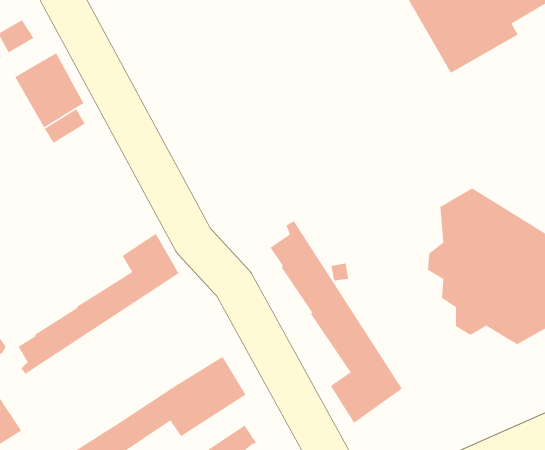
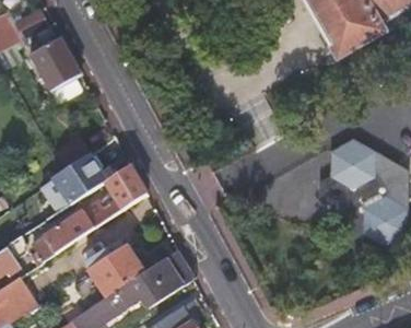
building: [270,220,403,424] -> none
building: none -> [54,156,107,204]
building: none -> [82,246,143,297]

